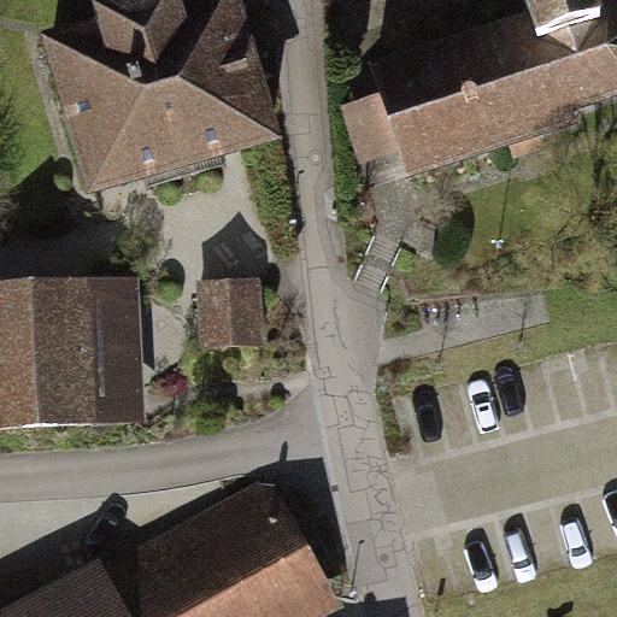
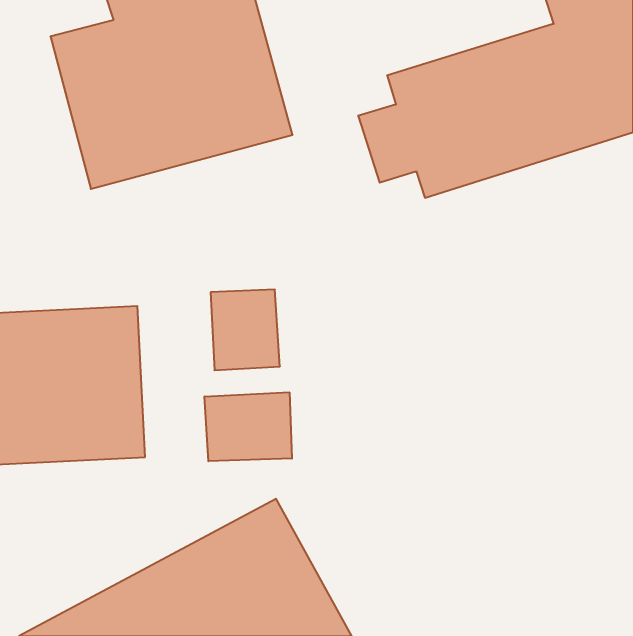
building: none -> [205,392,292,461]

